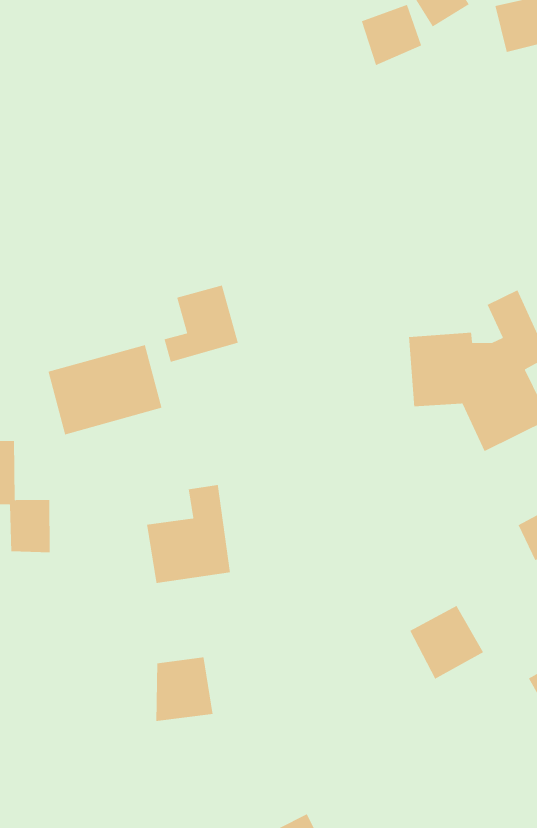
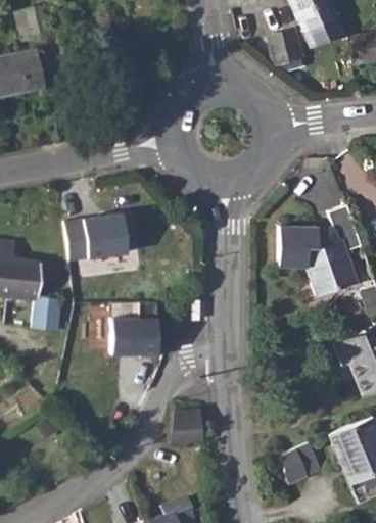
building: [164,285,239,363] -> none
building: [409,605,484,680] -> [277,443,320,486]
building: [155,656,214,722] -> [171,409,205,444]

